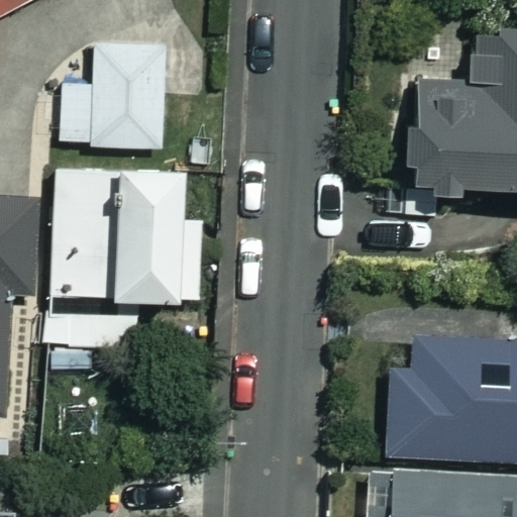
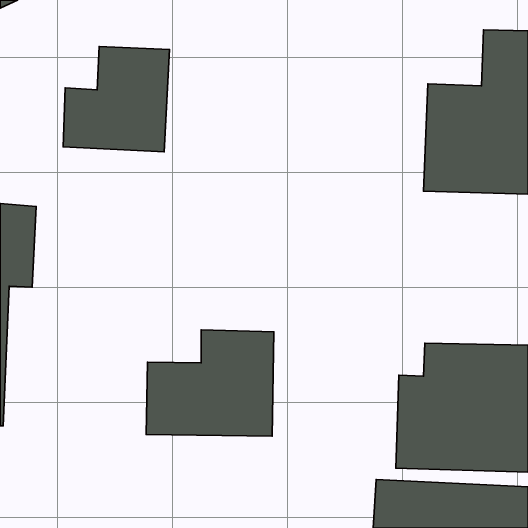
building: [53,171,201,301] -> none
building: none -> [146,330,274,436]

